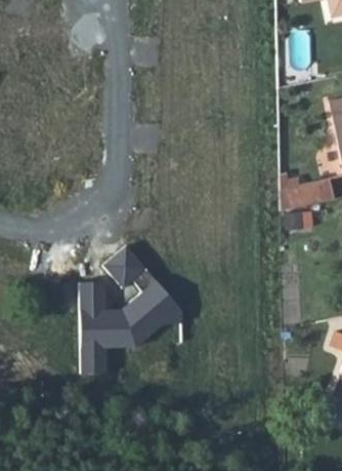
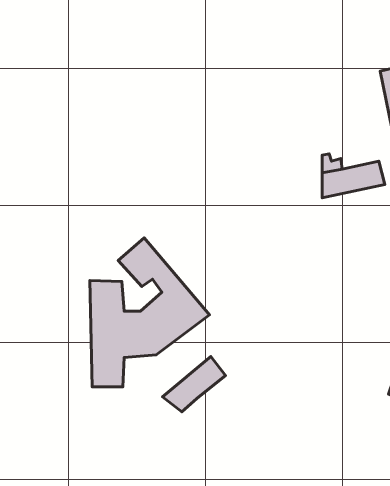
building: none -> [163,357,225,412]

